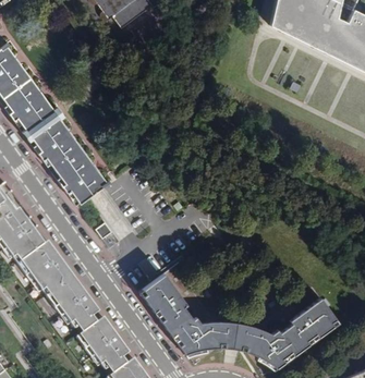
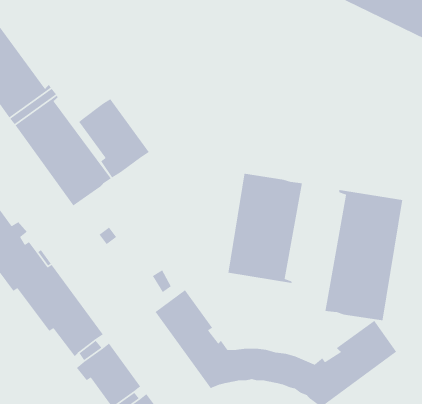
building: none -> [78,98,150,178]
building: none -> [227,173,303,284]
building: none -> [325,189,403,321]

